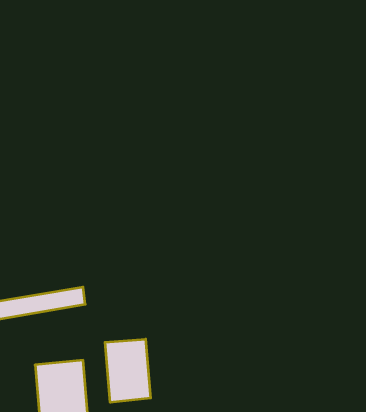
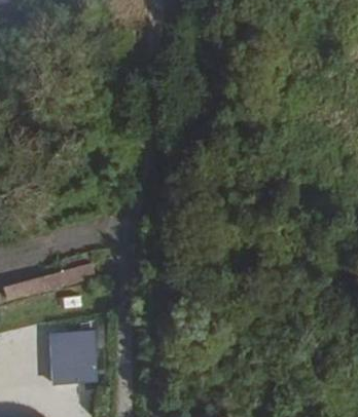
building: [105,339,151,402] -> none

